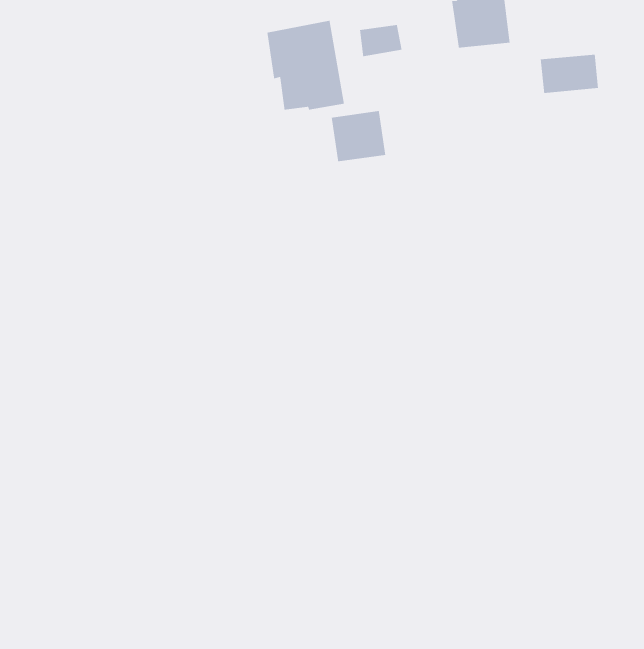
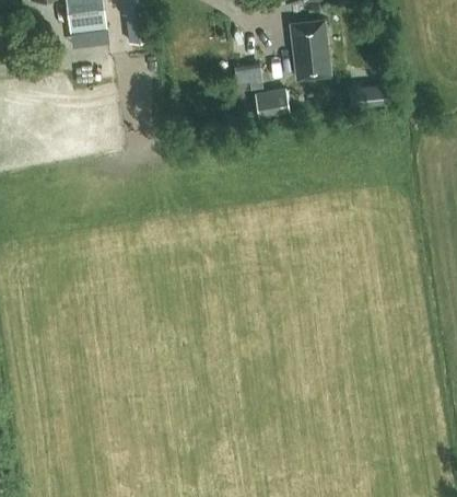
building: [267,20,345,111] -> none
building: [331,110,386,162] -> [254,88,289,120]

